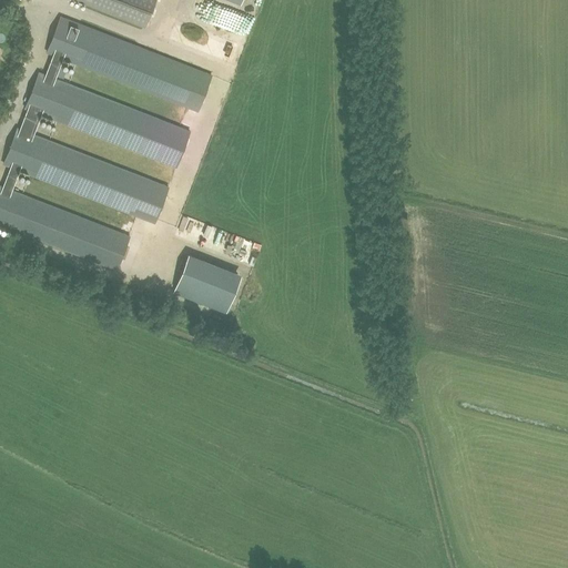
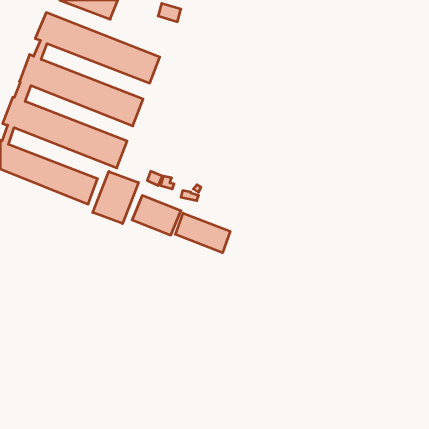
building: none -> [93,171,138,224]
building: none -> [175,213,230,253]

